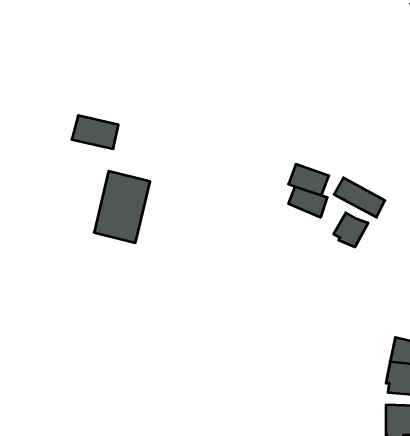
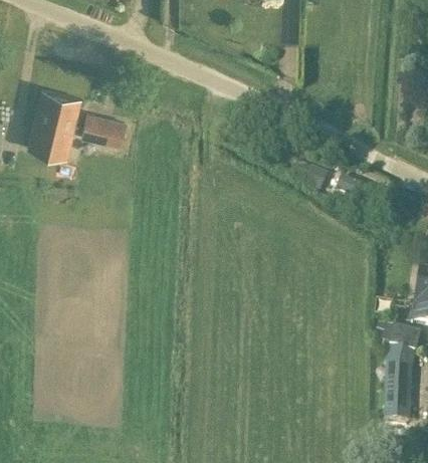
building: [94,171,150,243] -> [28,88,82,158]
building: [289,187,327,217] -> none
building: [334,213,368,247] -> none

